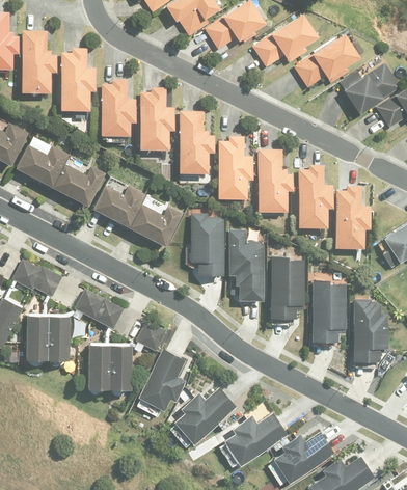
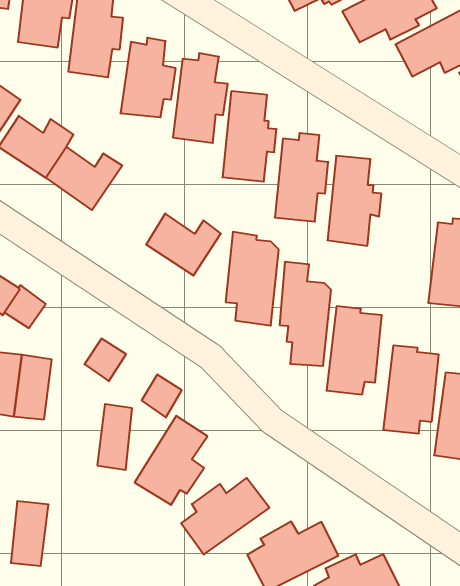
building: [299,166,334,228] -> none
building: [92,185,146,228] -> none
building: [74,289,104,319] -> none
building: [88,346,111,390] -> [11,501,49,566]

